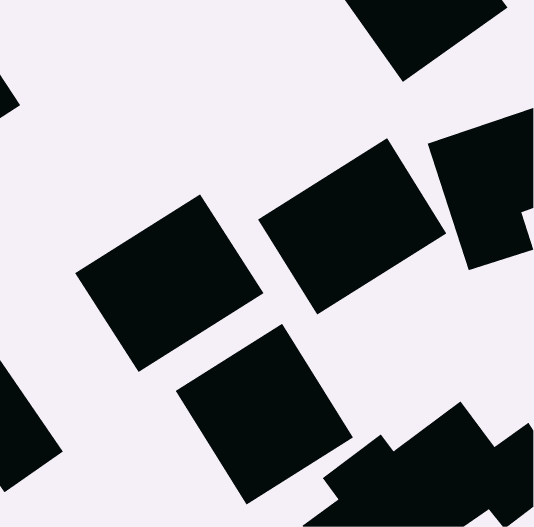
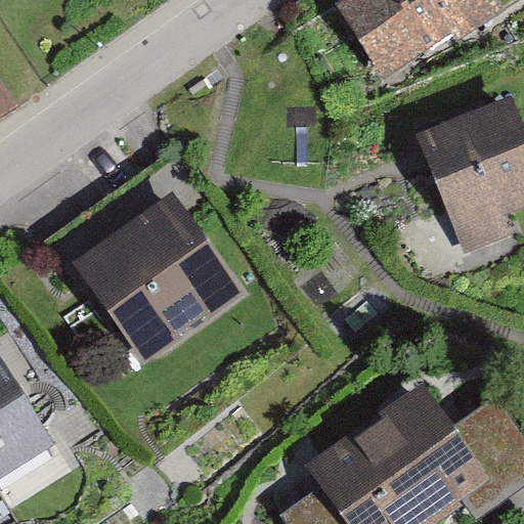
building: [257,137,447,316] -> none
building: [175,323,354,505] -> none

